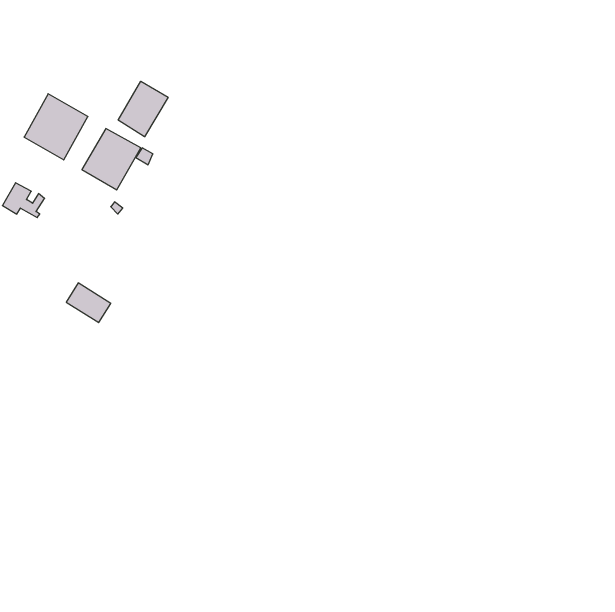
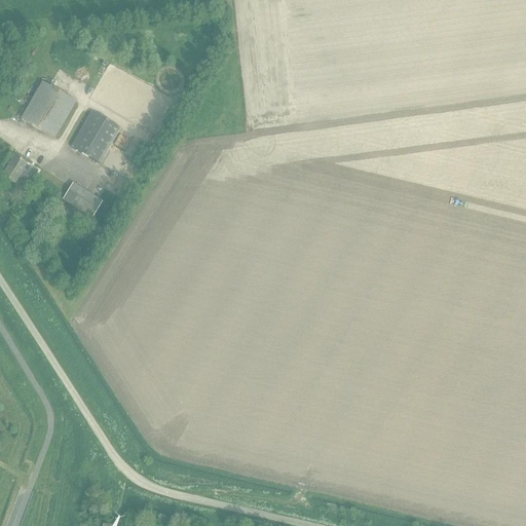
building: [118,81,168,137] -> none
building: [66,283,111,323] -> [63,182,101,216]

